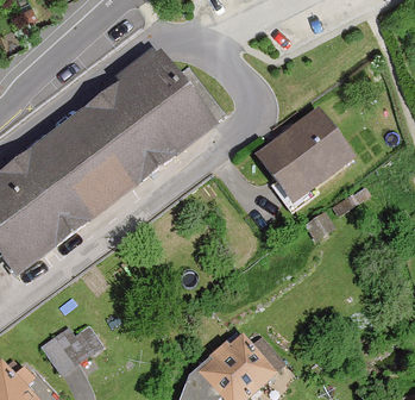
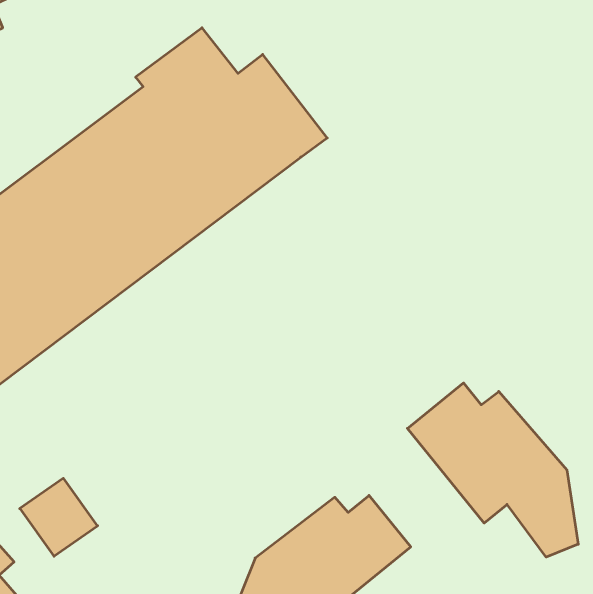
building: [251,105,354,206] -> none
building: none -> [407,383,578,557]

